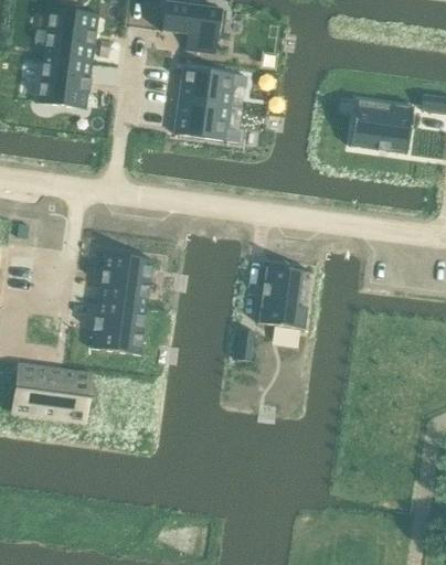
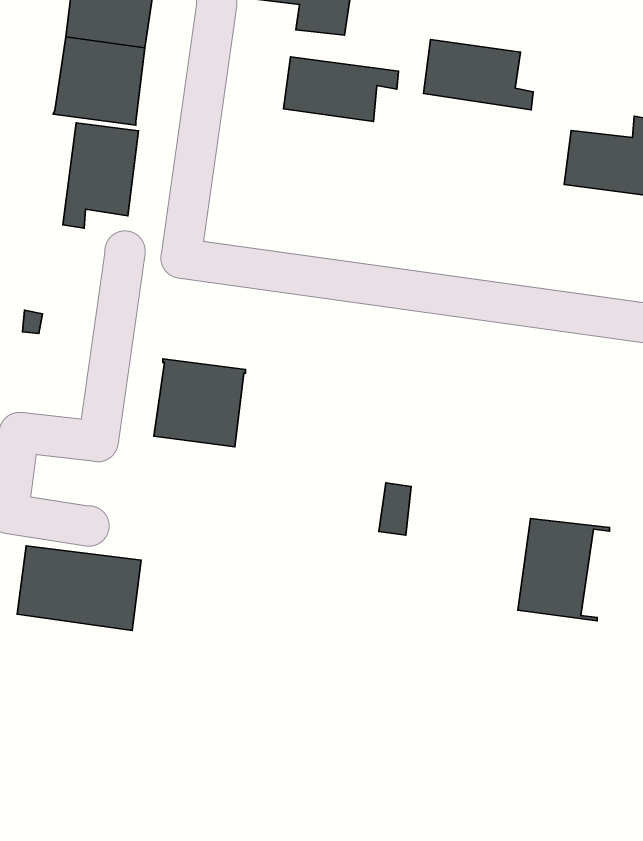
building: [173,97,241,140] -> [423,40,533,110]
building: none -> [63,123,138,228]
building: [257,264,314,327] -> [518,518,610,621]
building: [91,298,148,353] -> none

